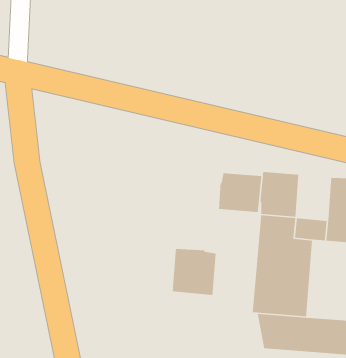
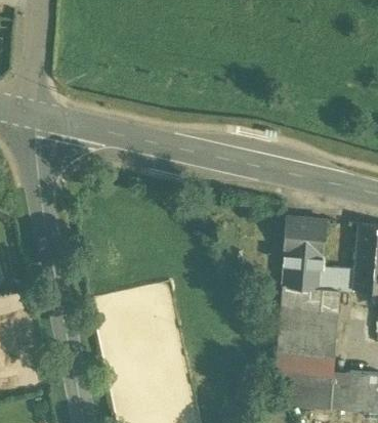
building: [218,172,262,213] -> none
building: [172,248,216,296] -> none

